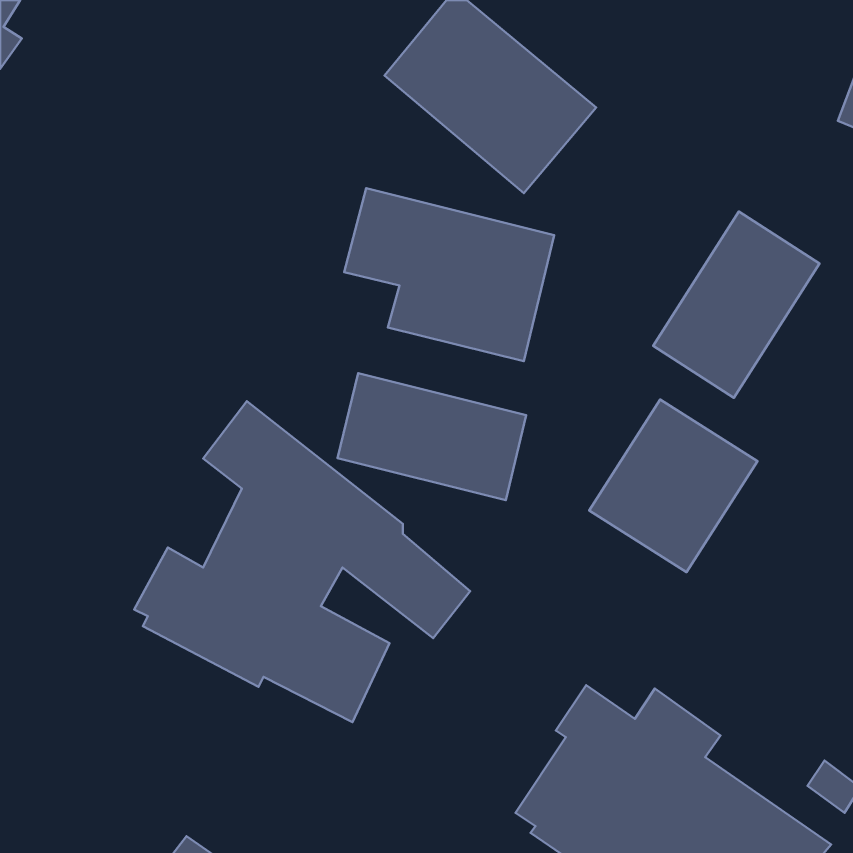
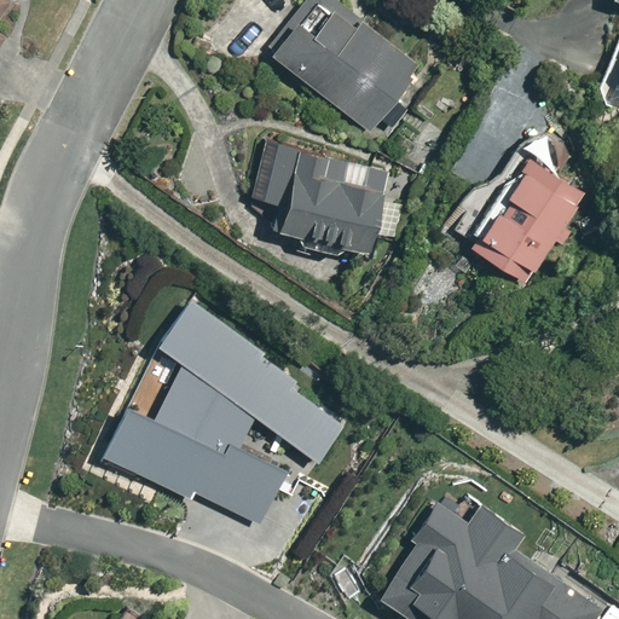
building: [337,373,526,500] -> none
building: [589,400,757,572] -> none

